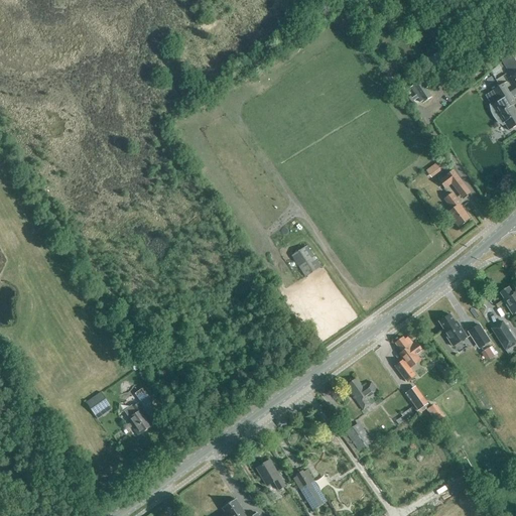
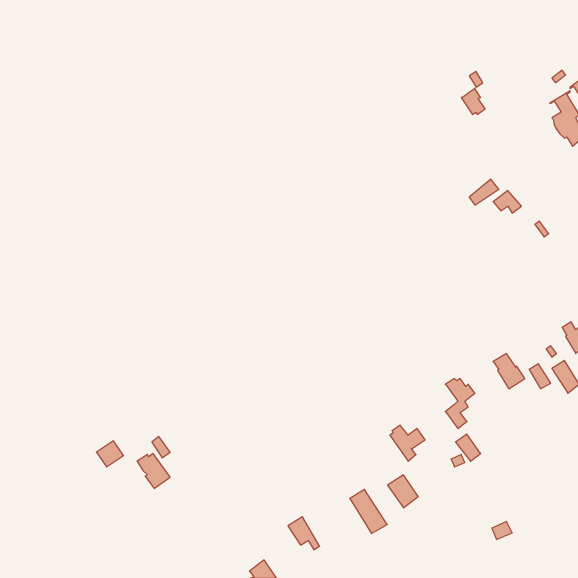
building: [444,192,471,227] -> none
building: [292,245,321,276] -> none
building: [294,470,328,509] -> [350,489,387,534]

